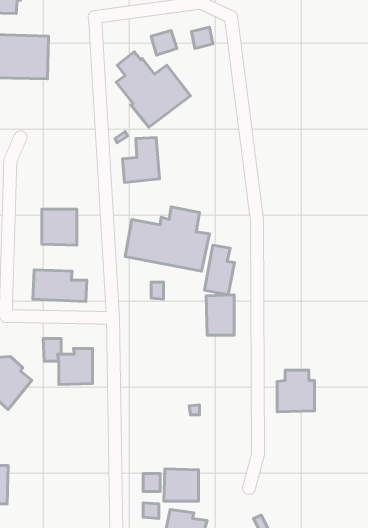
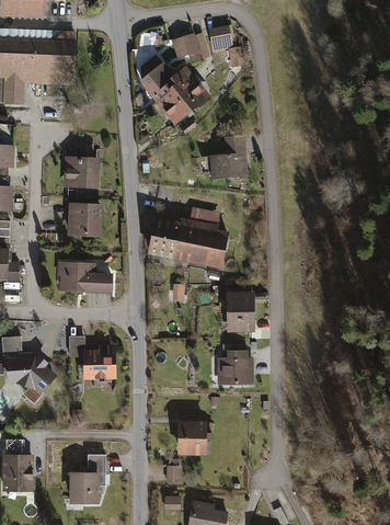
building: [122,137,159,182] -> [211,134,248,178]
building: none -> [62,159,99,193]
building: [204,245,235,295] -> none
building: [277,370,314,412] -> [217,349,253,389]
building: none -> [69,455,111,506]
building: [164,469,199,501] -> [177,420,211,452]

